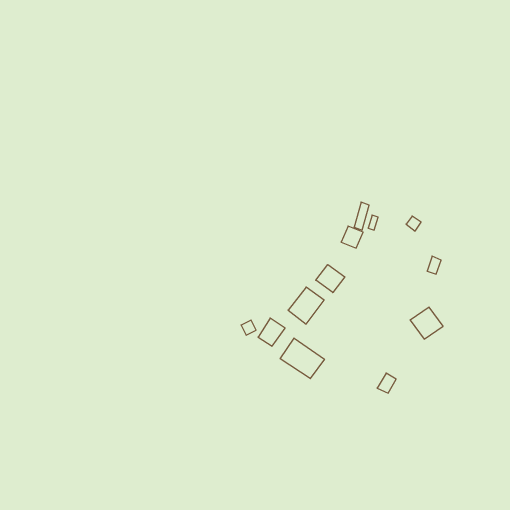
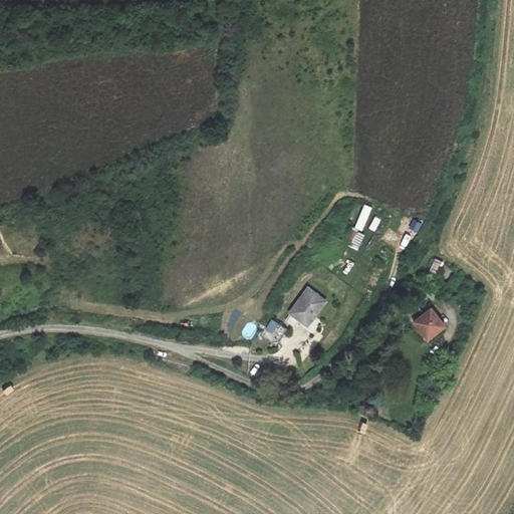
building: [316,265,345,293] -> none
building: [280,338,324,379] -> none

